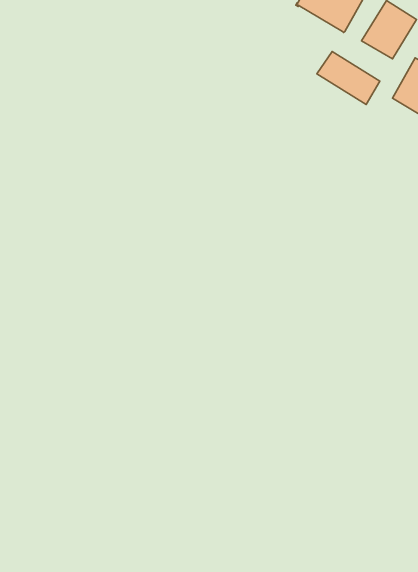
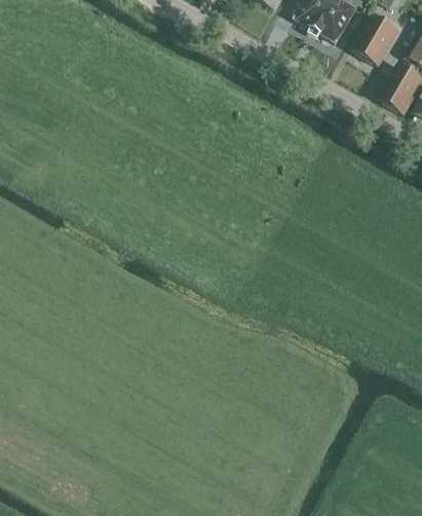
building: [317,51,380,104] -> none

